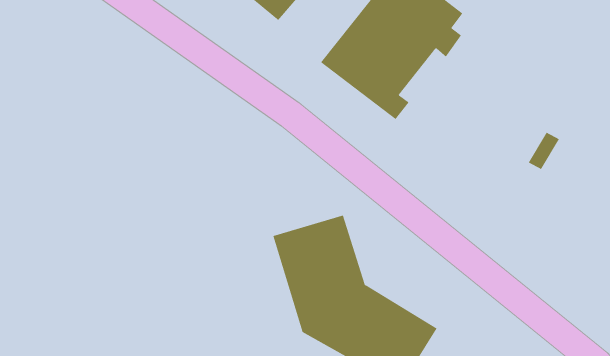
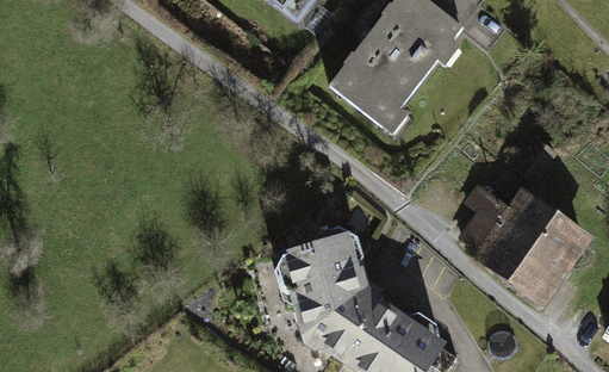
building: none -> [455,178,595,296]

